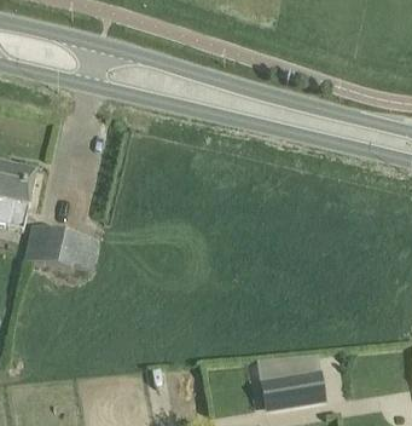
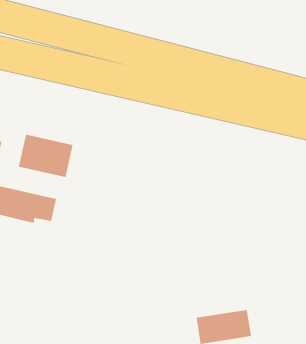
building: none -> [18,134,73,178]

